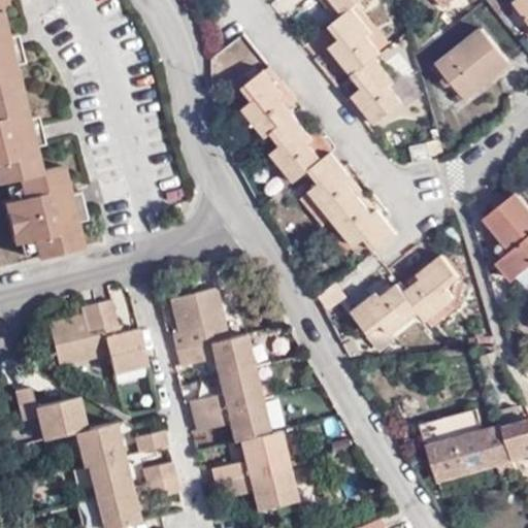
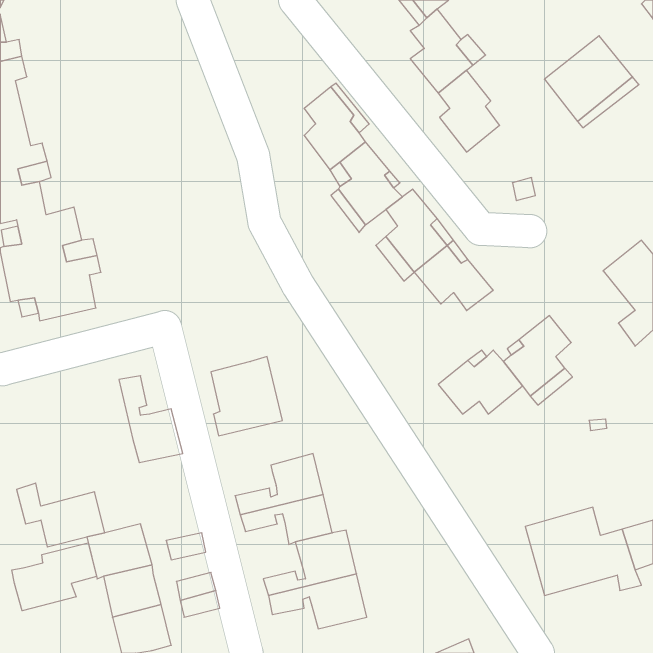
building: [50,306,107,366] -> none
building: [176,335,253,375] -> none
building: none -> [12,543,97,611]

